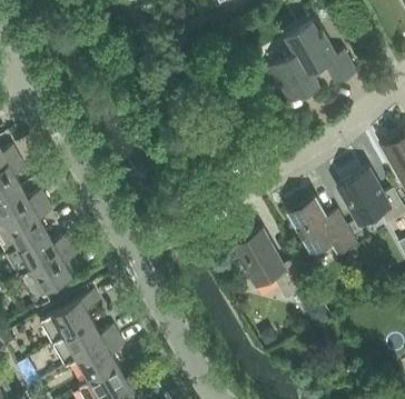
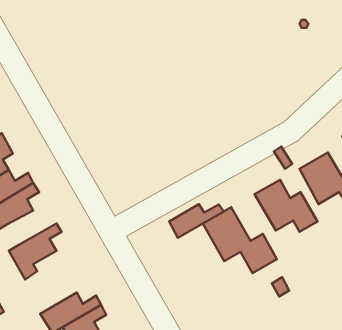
building: [268,20,356,103] -> none
building: none -> [169,204,224,238]
building: [17,231,71,269] -> none
building: [41,291,100,345] -> none

